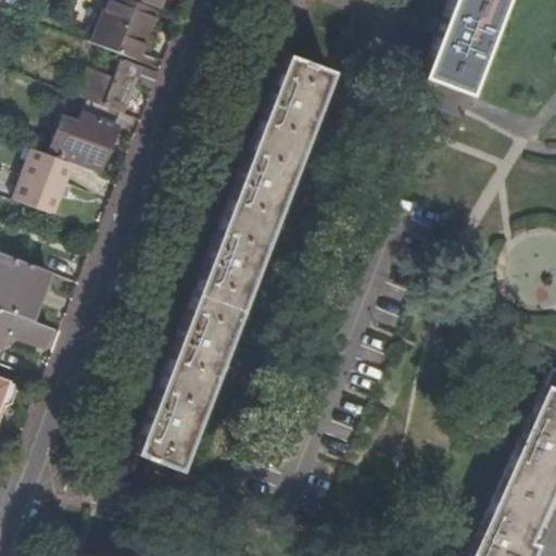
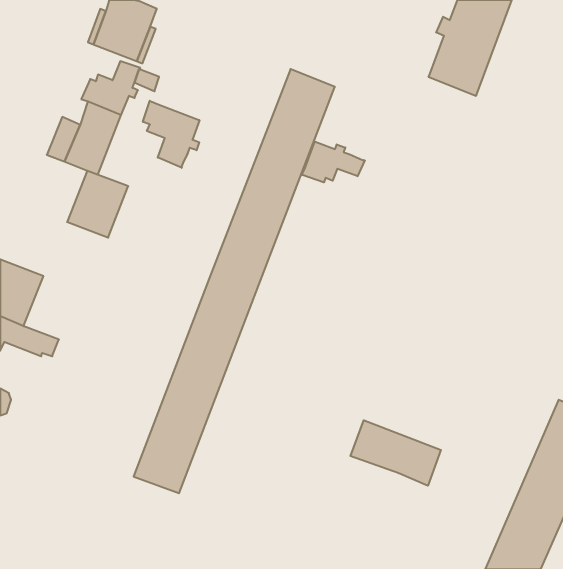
building: none -> [143,101,199,168]
building: none -> [302,142,365,182]
building: [16,149,76,214] -> [67,171,128,238]
building: none -> [350,420,441,486]

